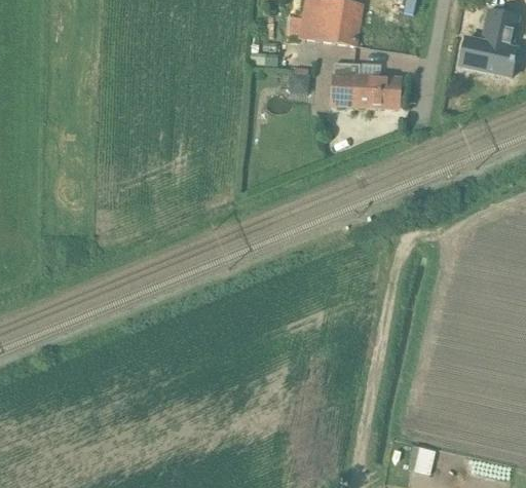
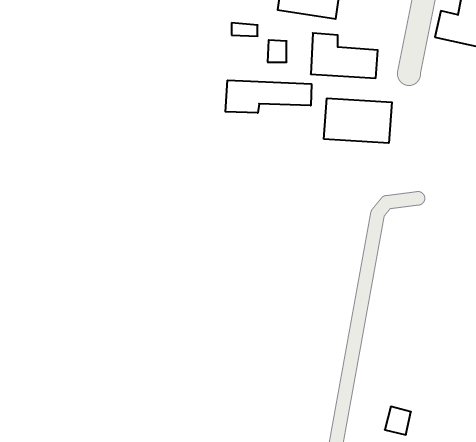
building: none -> [225,80,311,113]
building: none -> [324,98,392,143]

